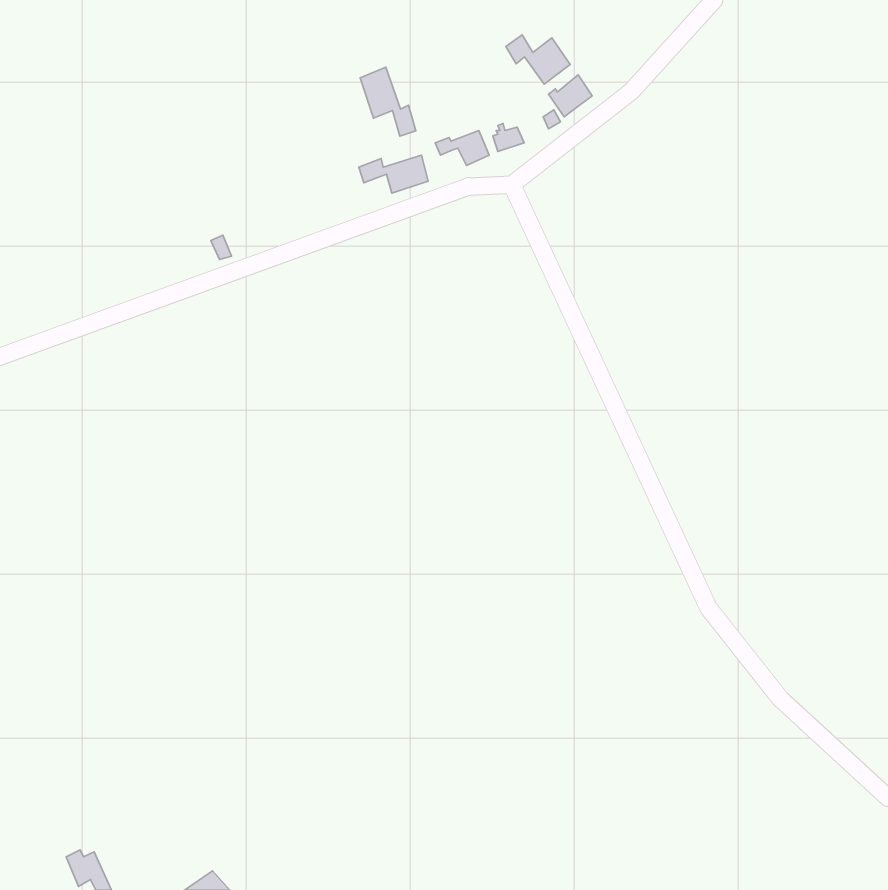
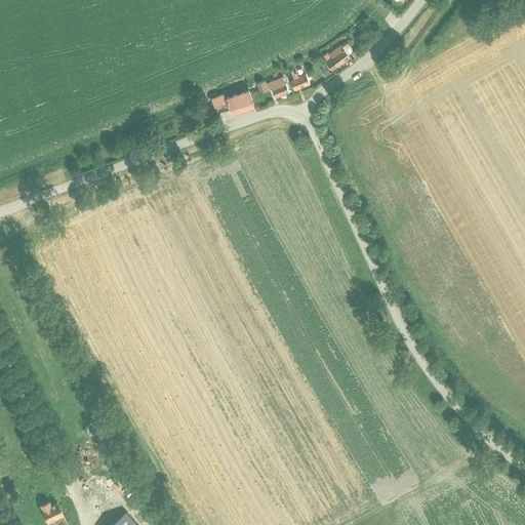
building: [506,35,570,84] -> none
building: [360,67,416,136] -> none

